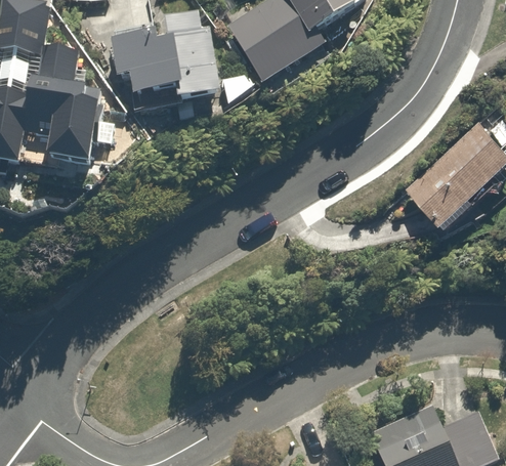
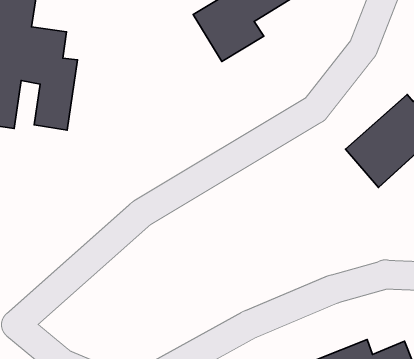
building: [112,26,215,93] -> none

